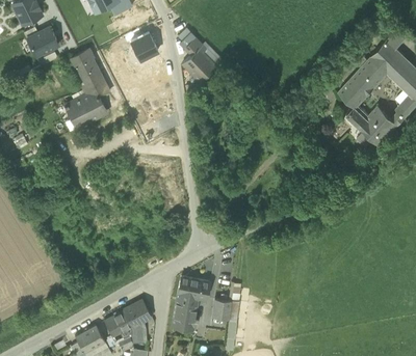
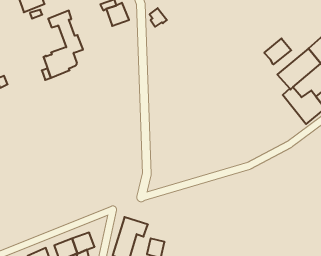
building: [181,49,214,82] -> none
building: none -> [264,38,291,64]

